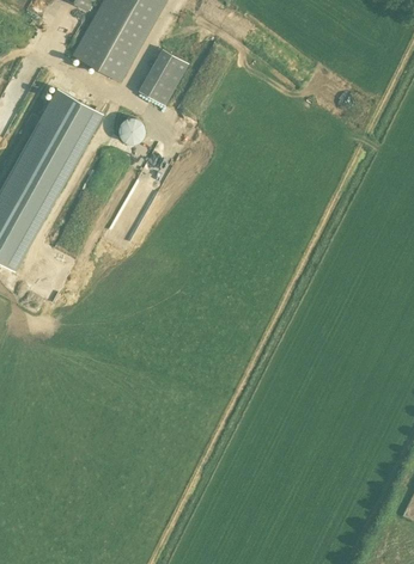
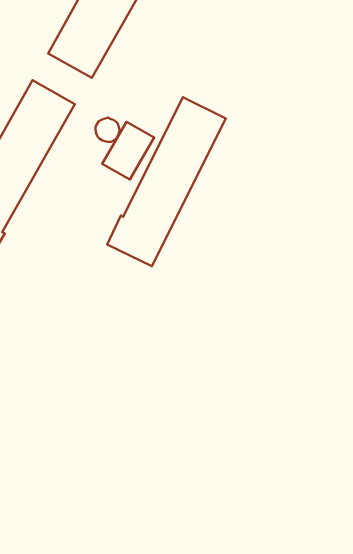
building: [136,53,188,110] -> [102,122,154,180]
building: none -> [107,97,226,266]

